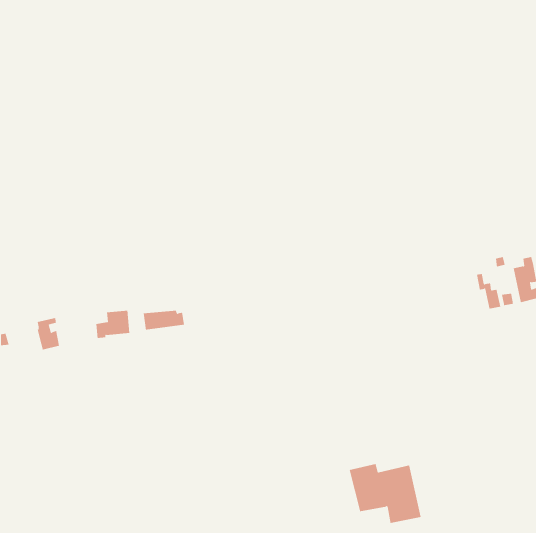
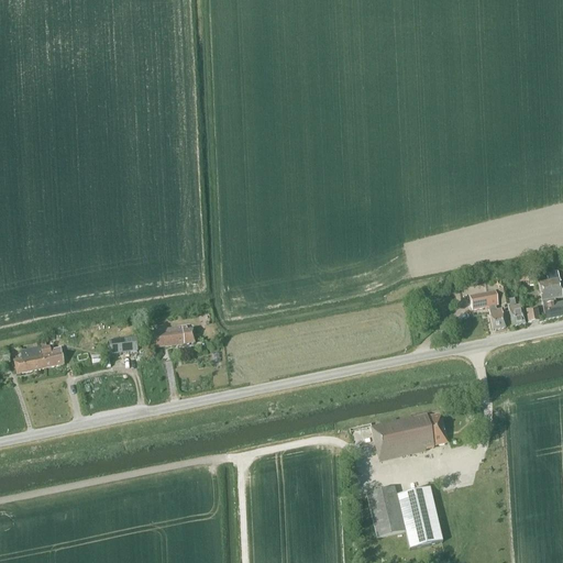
building: none -> [470,289,505,328]
building: none -> [13,344,45,372]
building: none -> [372,412,448,459]

